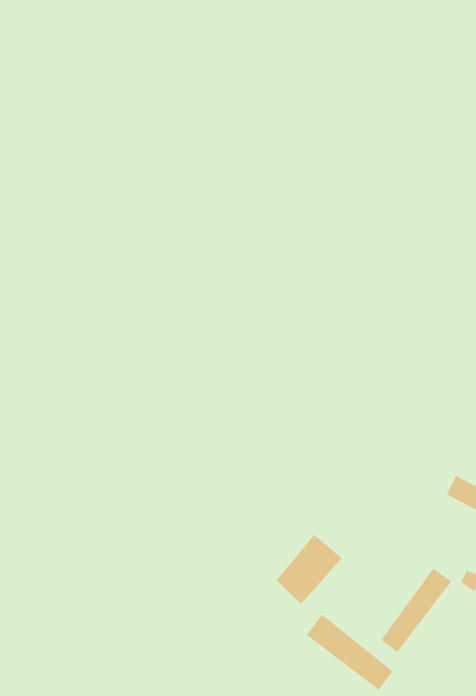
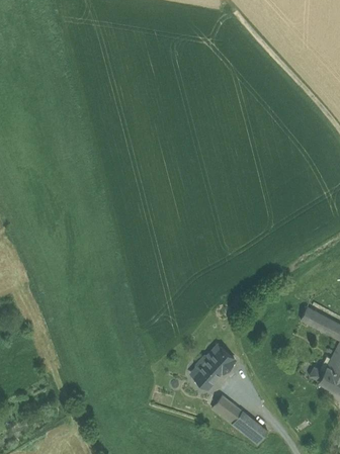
building: [381,567,452,653] -> none

